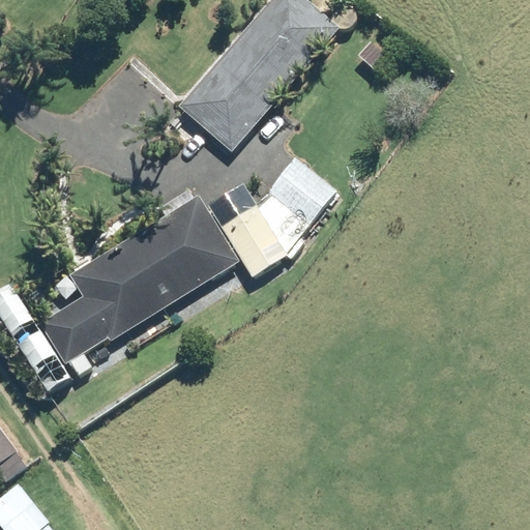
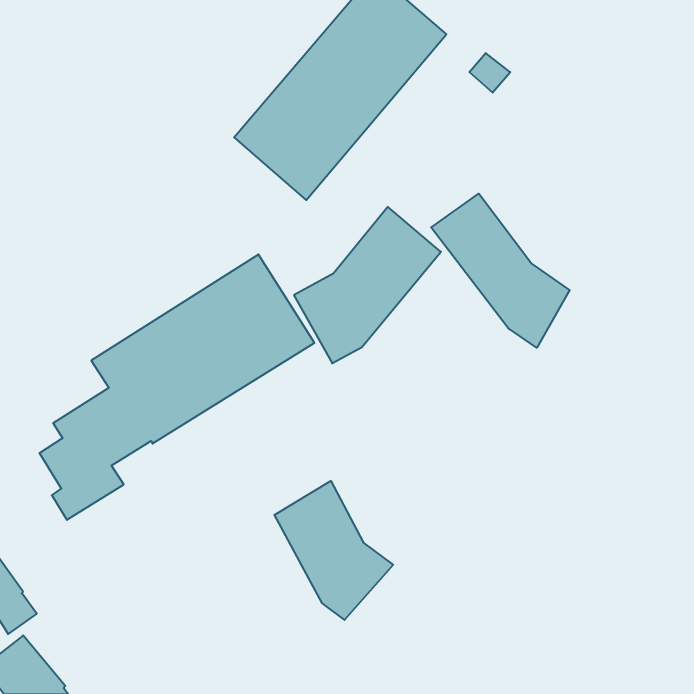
building: none -> [431,194,570,348]
building: none -> [274,481,393,620]

